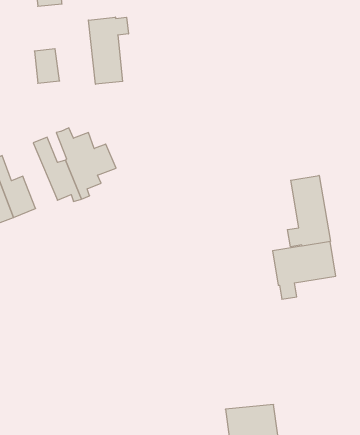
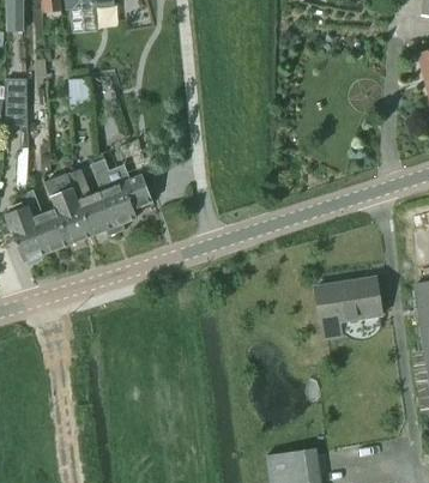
building: [88,17,128,84] -> none
building: none -> [44,174,91,242]
building: [287,175,330,247] -> none

